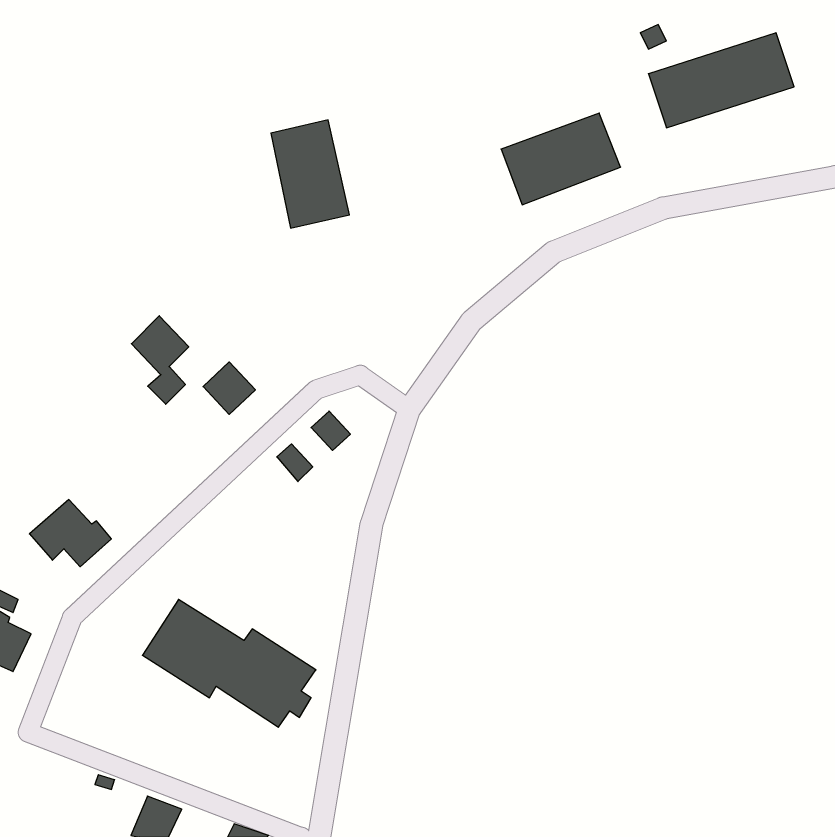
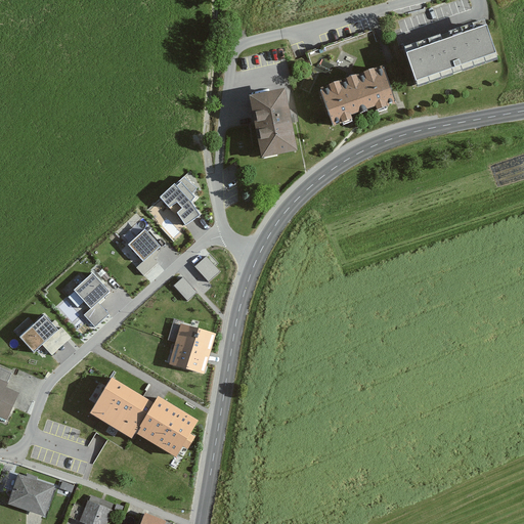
building: [271,120,349,228] -> [241,92,290,160]
building: none -> [159,175,200,225]
building: [131,316,189,404] -> [74,270,110,325]
building: none -> [165,326,210,376]
building: none -> [10,477,55,518]

